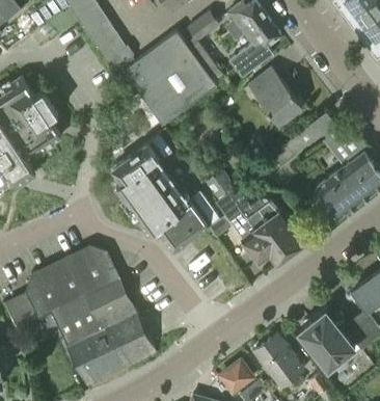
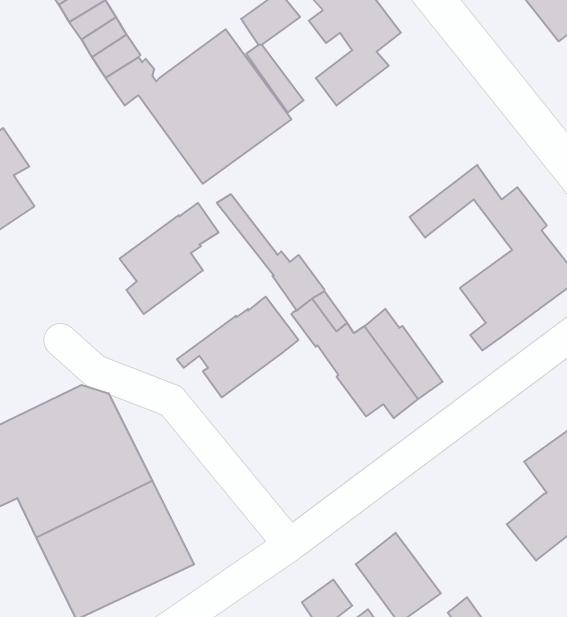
building: [242,68,302,126] -> none
building: [127,177,182,230] -> none
building: [299,312,355,369] -> none

